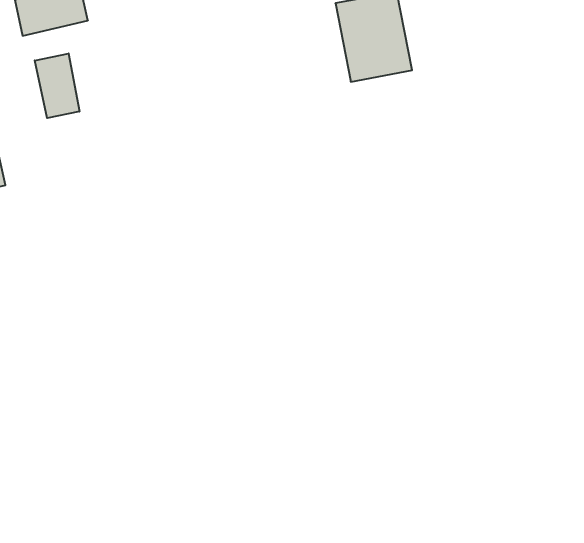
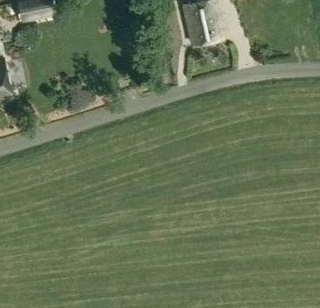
building: [35,53,79,118] -> none

